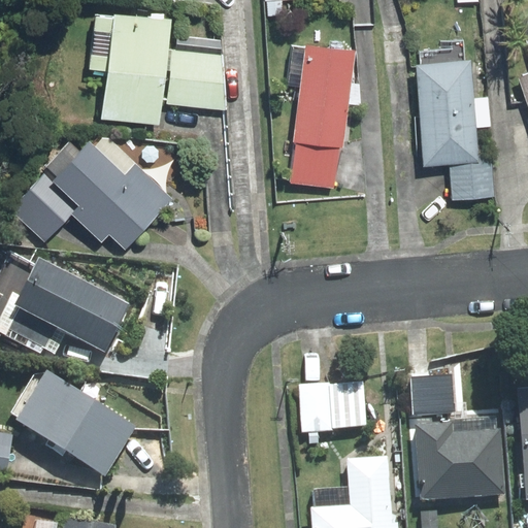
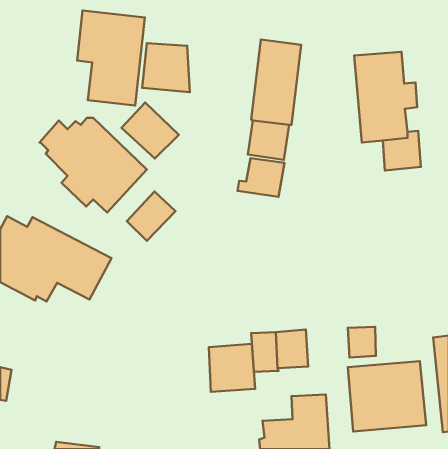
building: none -> [121,102,179,159]
building: [12,168,80,241] -> none
building: none -> [237,158,284,197]
building: none -> [127,191,176,241]
building: [12,370,137,475] -> none
building: none -> [209,344,255,392]

